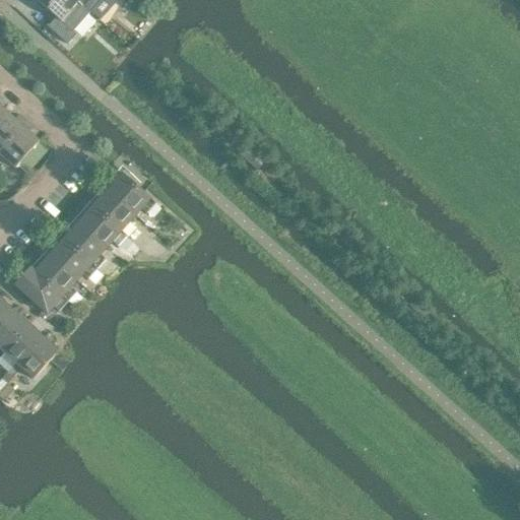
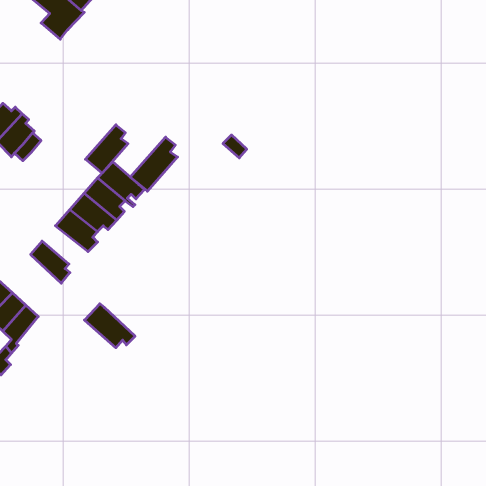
building: none -> [85,125,128,173]
building: none -> [130,137,178,191]
building: [45,240,93,280] -> none
building: [11,266,65,313] -> [84,304,135,348]
building: [17,336,56,377] -> none

